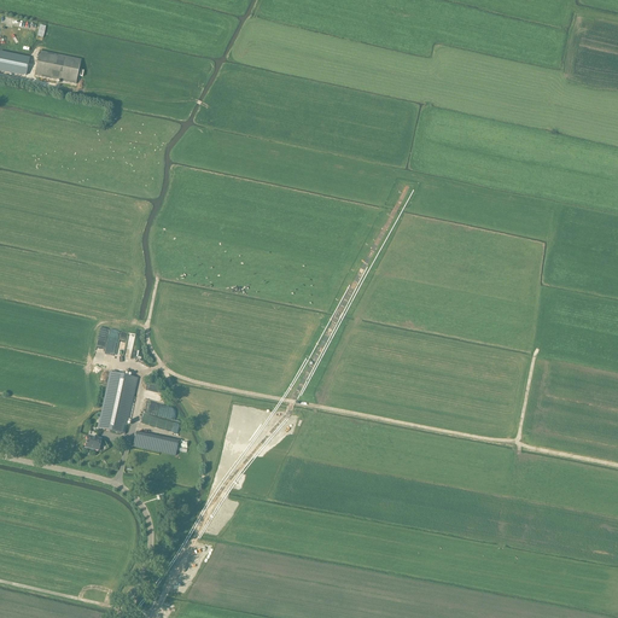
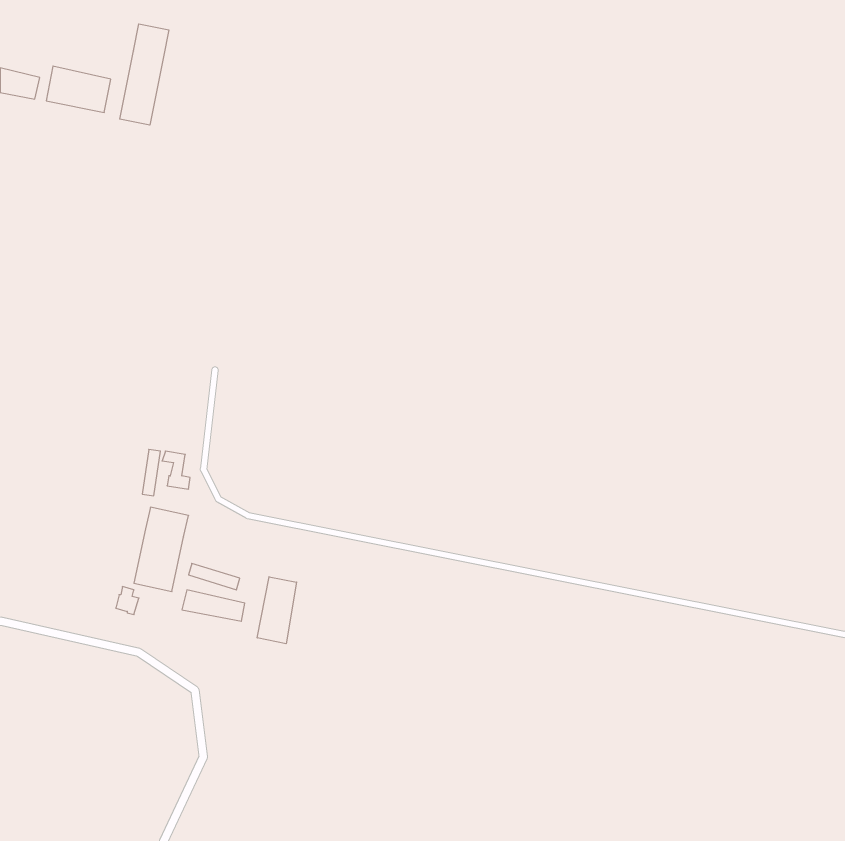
building: none -> [120,24,169,125]
building: none -> [257,577,297,644]

